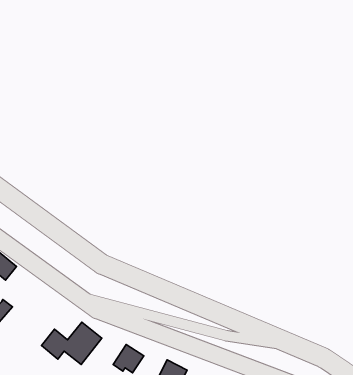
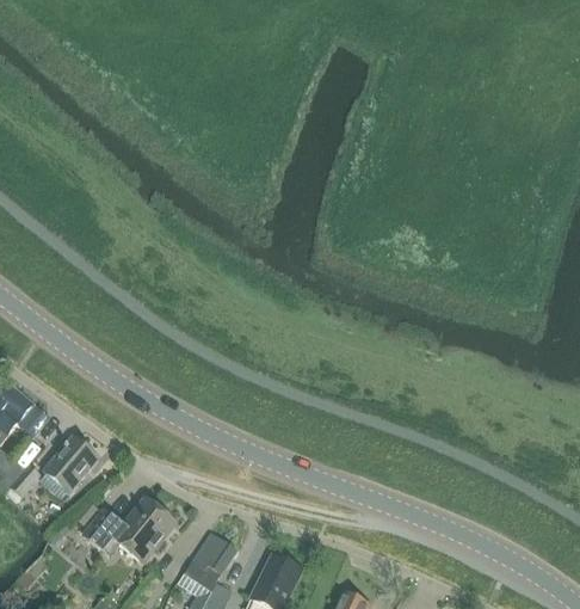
building: none -> [44,437,98,493]

